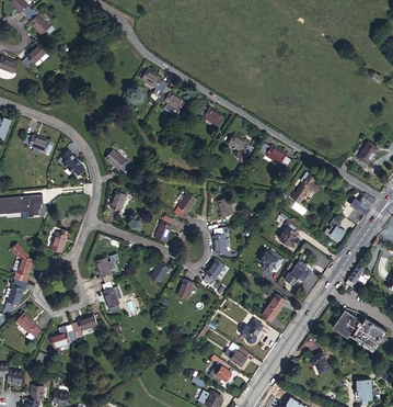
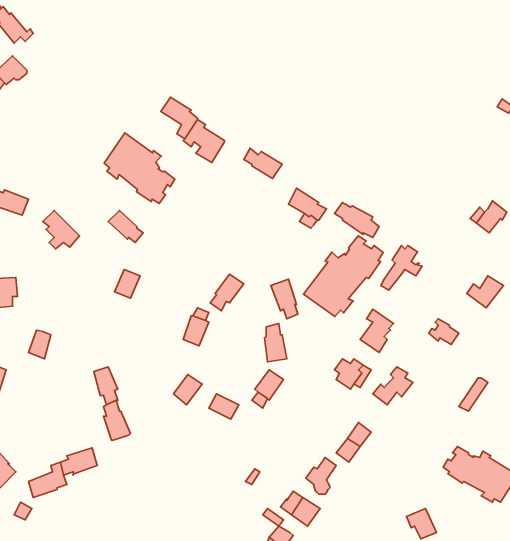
building: none -> [104,133,175,203]
building: none -> [304,236,383,316]

